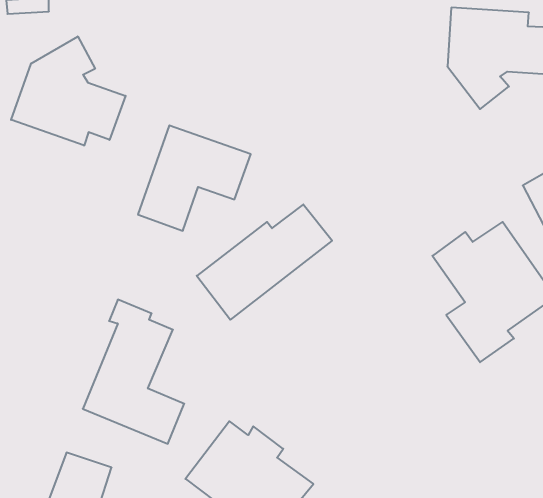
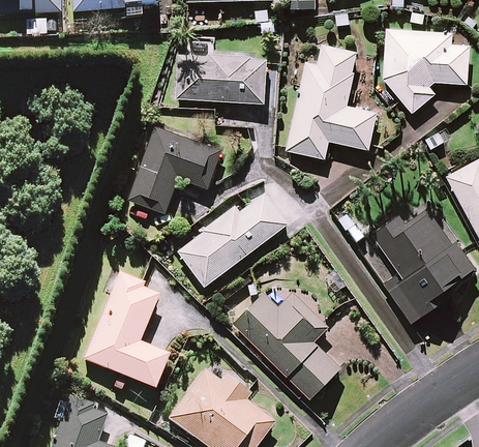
building: none -> [287,44,377,158]
building: none -> [176,53,267,102]
building: [11,36,126,146] -> none
building: none -> [234,290,339,398]

